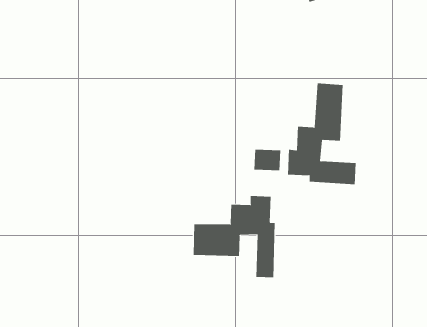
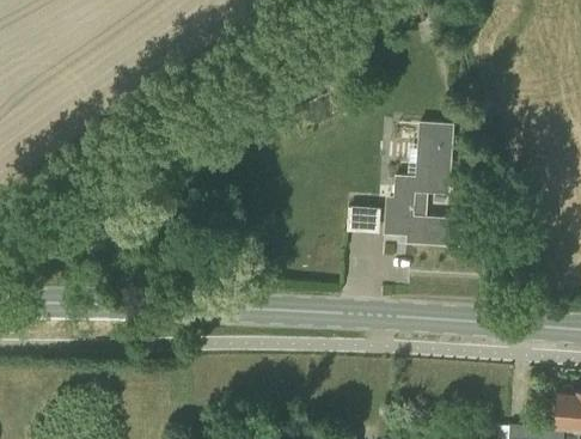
building: [193,195,275,278] -> none

